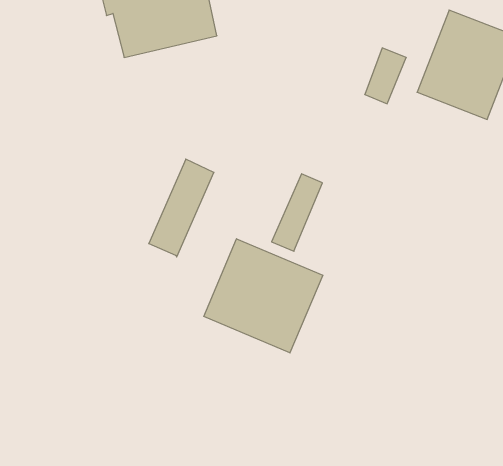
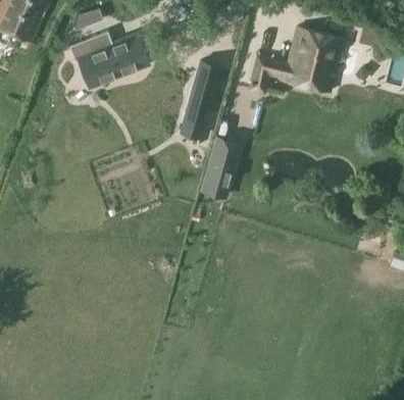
building: [149,159,214,257] -> [183,61,218,126]
building: [204,239,323,353] -> none

